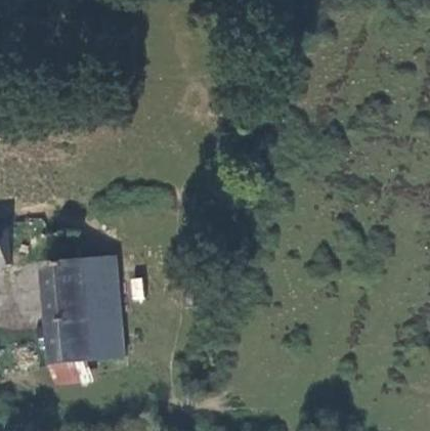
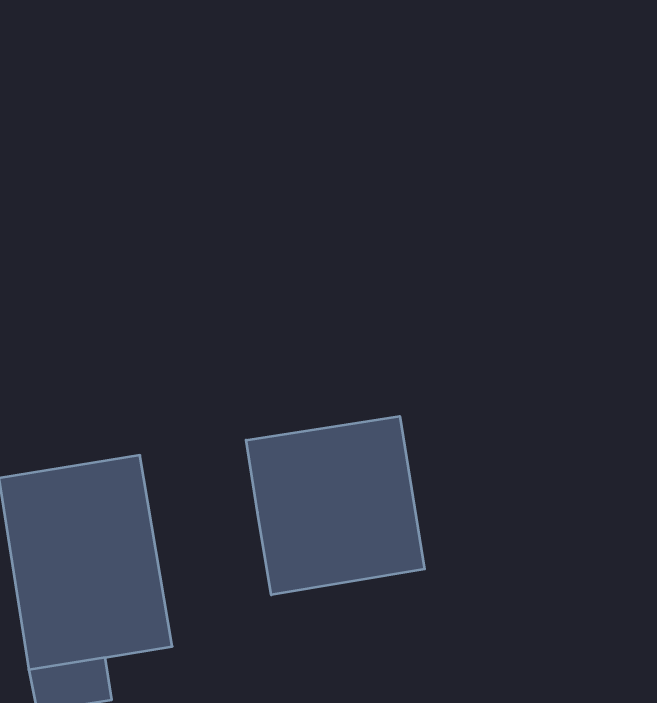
building: none -> [246,416,425,595]

